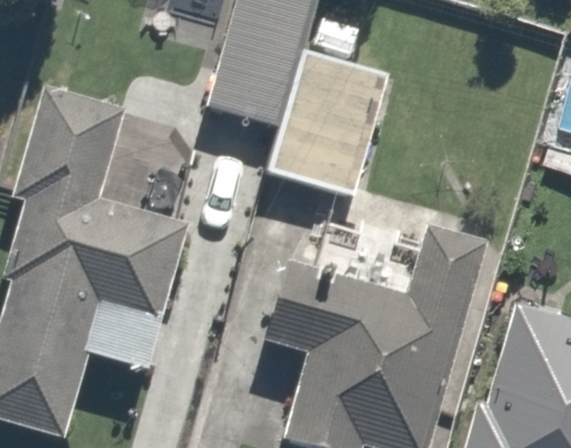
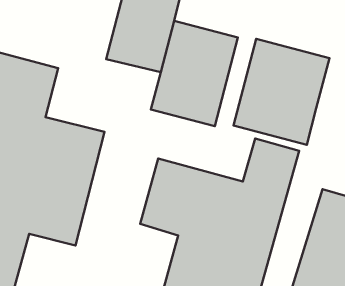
building: none -> [233,39,330,145]

